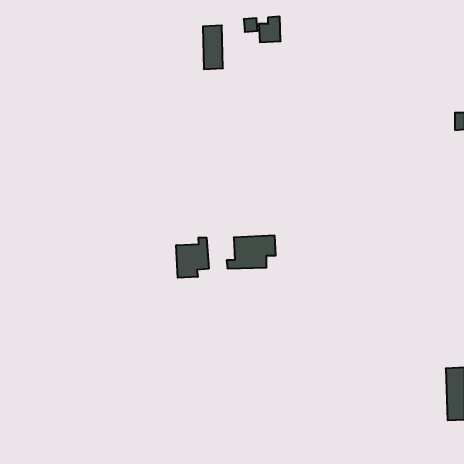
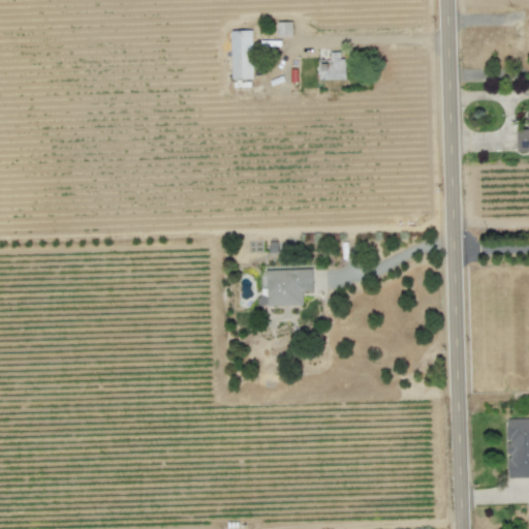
building: [259,17,281,42] -> [320,52,345,81]
building: [176,238,209,278] -> none

